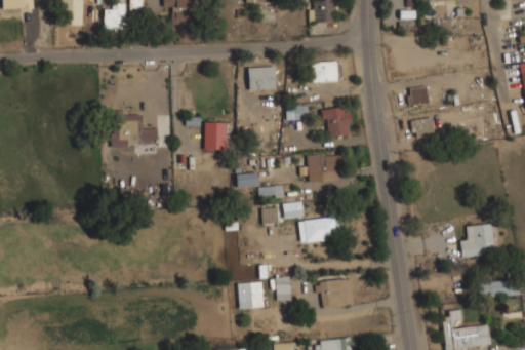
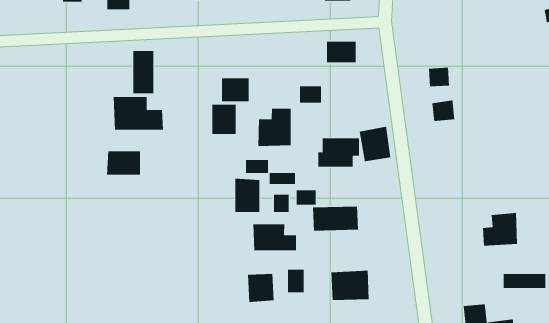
building: [249,67,276,89] -> [221,78,249,102]
building: none -> [133,50,154,94]
building: [322,105,353,139] -> [359,126,391,162]
building: none -> [258,108,291,147]
building: none -> [107,151,141,175]
building: none -> [235,178,260,213]
building: none -> [253,223,297,251]

